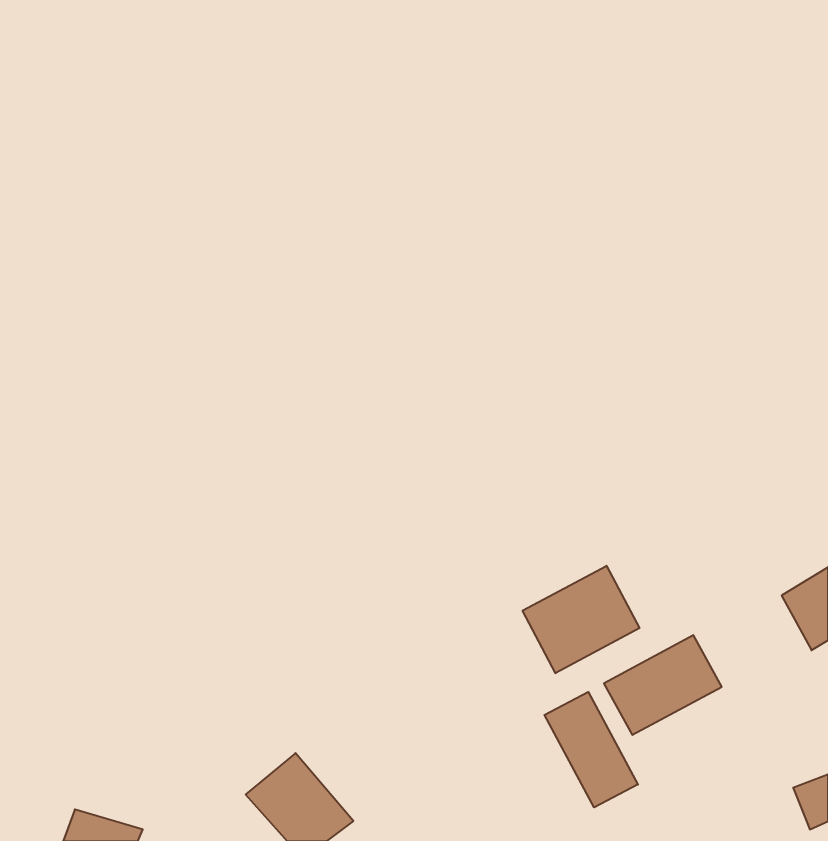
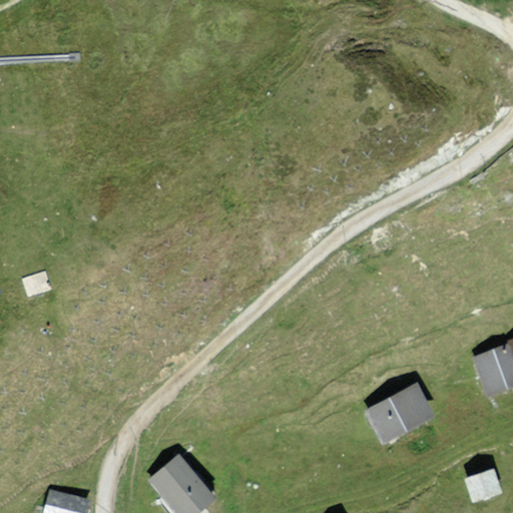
building: [523,566,639,673] -> none
building: [544,692,638,807] -> none

